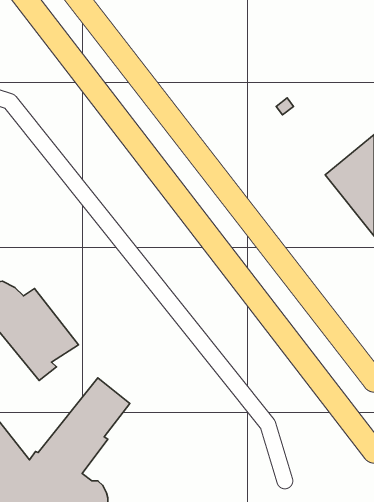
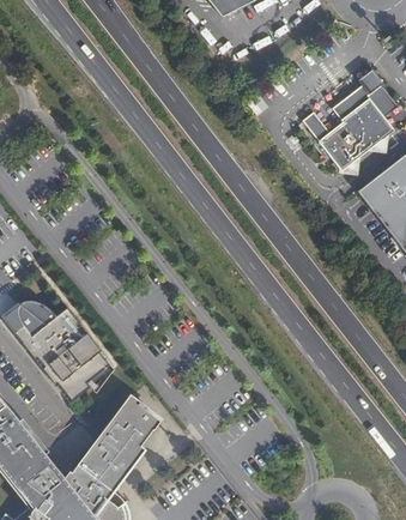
building: none -> [315,86,392,171]

